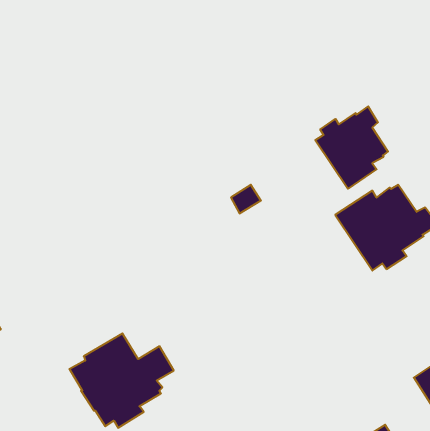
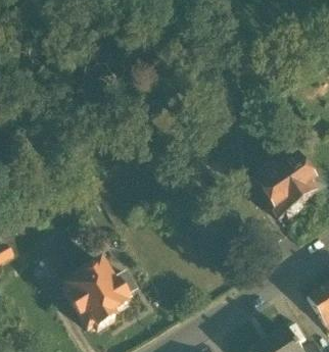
building: [315,106,388,189] -> none

